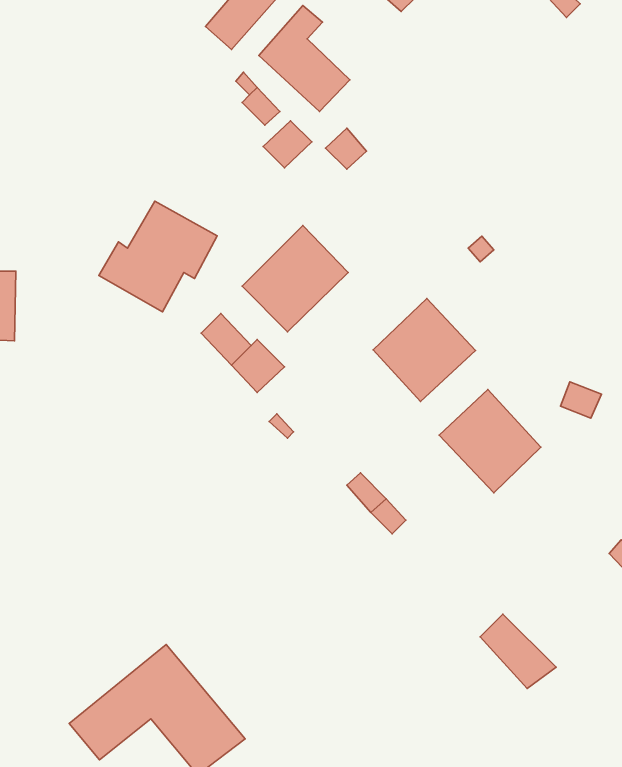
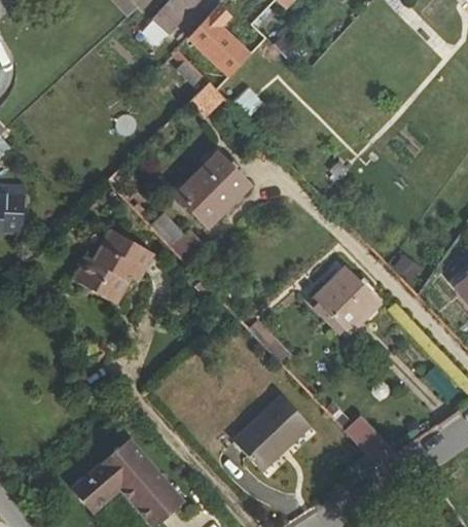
building: [99,201,217,312] -> [74,229,154,304]
building: [373,298,476,402] -> none
building: none -> [227,395,305,471]

